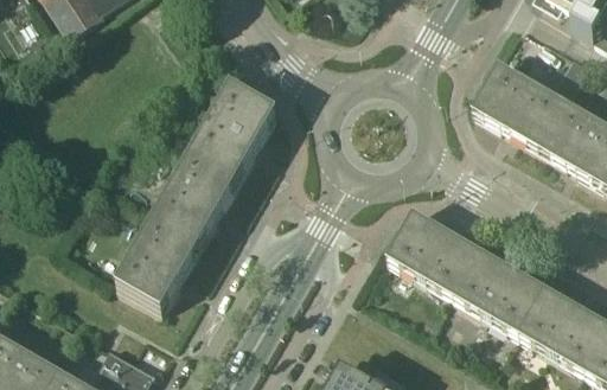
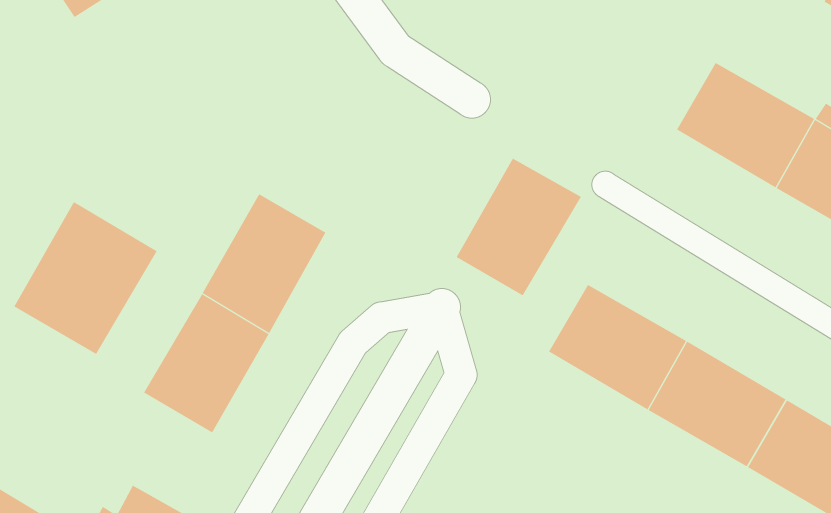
building: [193,85,277,178] -> [456,158,582,296]
building: none -> [14,201,157,355]

